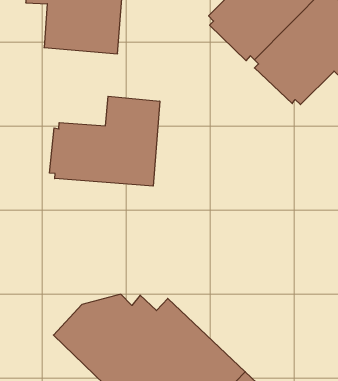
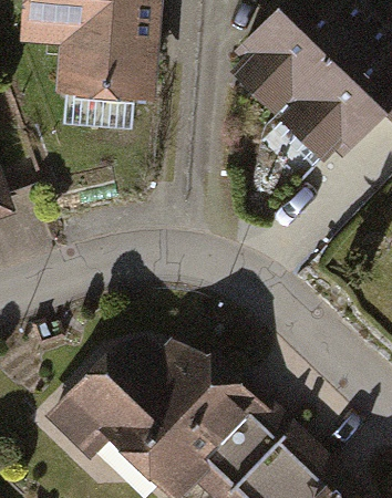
building: [50,96,160,186] -> none

